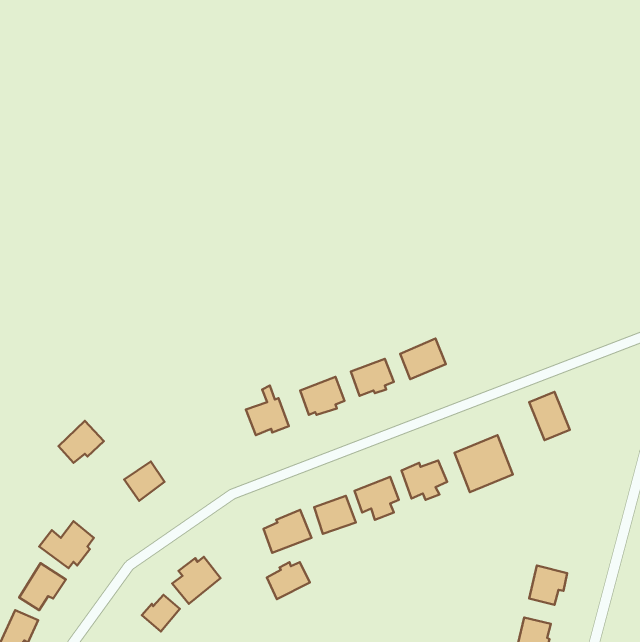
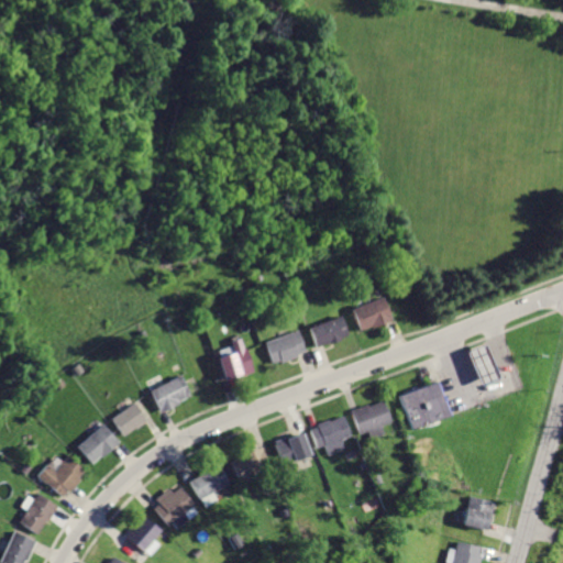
building: [58,421,104,463] -> [78,426,118,462]
building: none -> [150,376,191,415]
building: [267,562,310,599] -> [191,467,229,499]

